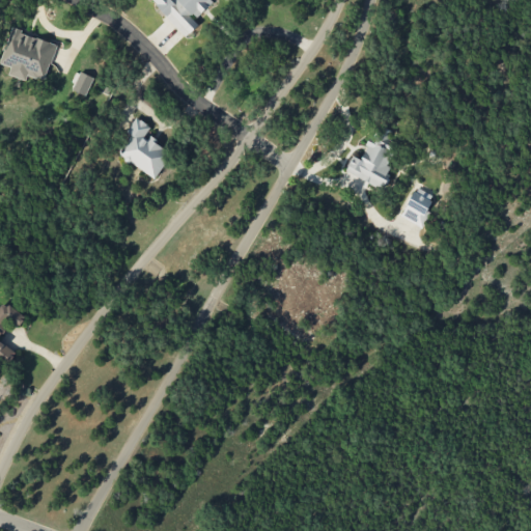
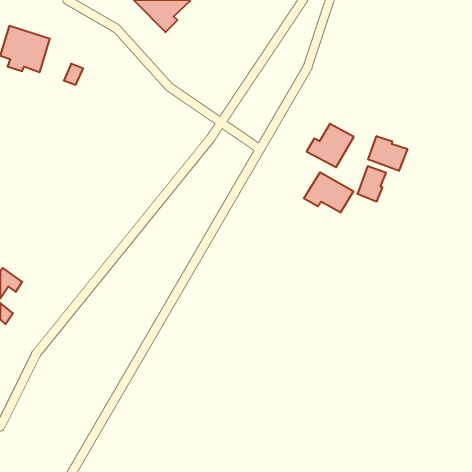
building: [118,116,171,178] -> none
building: none -> [368,136,407,171]
building: none -> [304,172,353,213]

